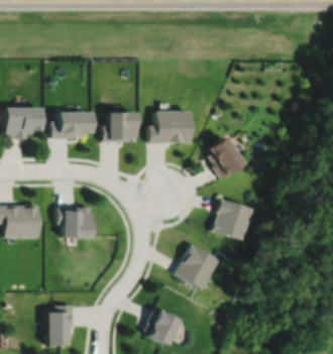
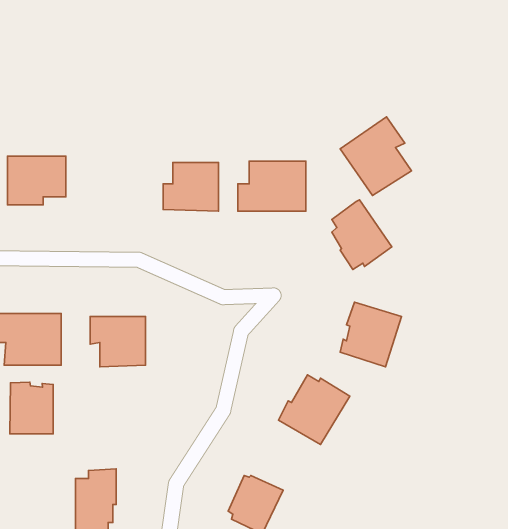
building: none -> [340,117,412,195]
building: [51,113,93,139] -> none
building: none -> [10,382,53,434]

